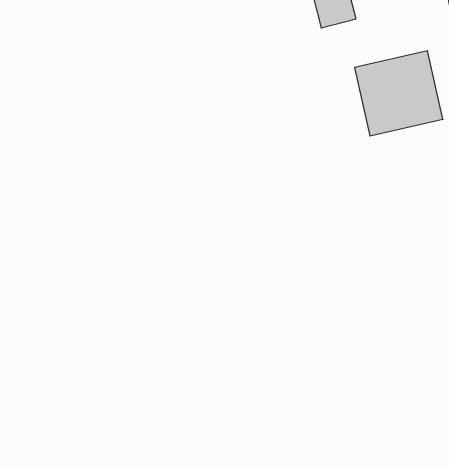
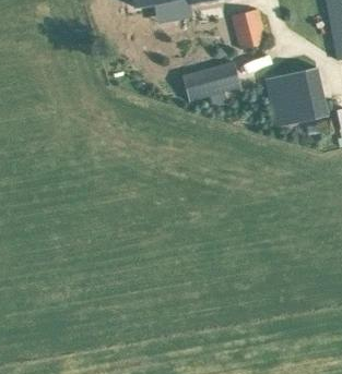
building: none -> [181,61,240,101]

